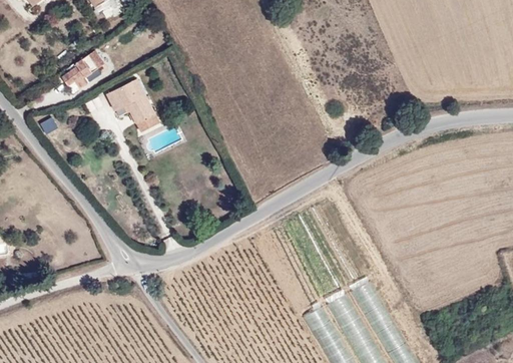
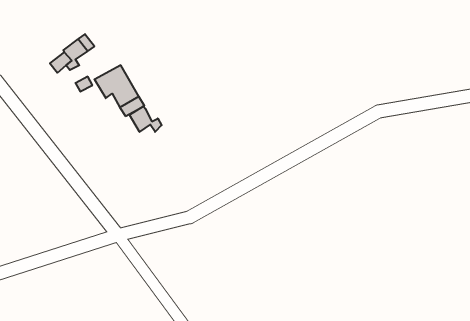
building: none -> [129,106,162,132]

